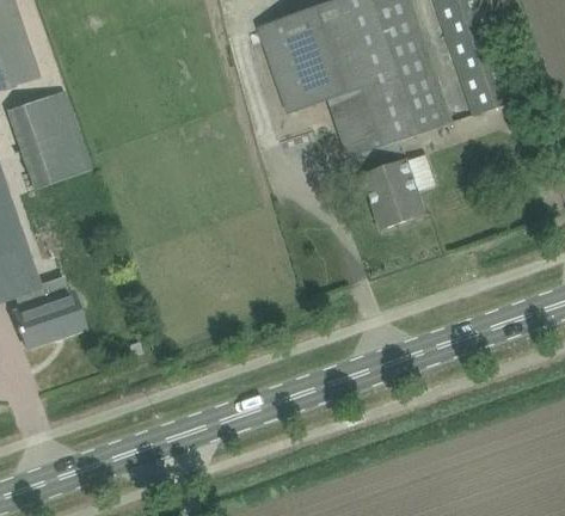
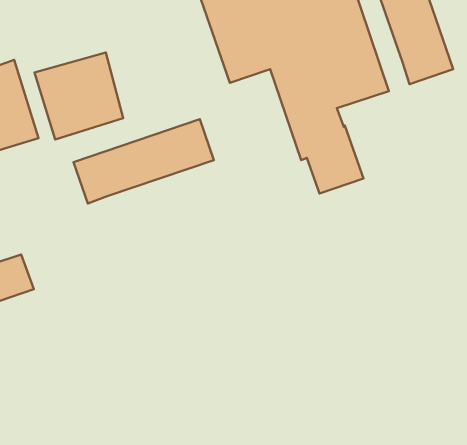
building: none -> [34,53,123,140]
building: none -> [74,119,214,203]

